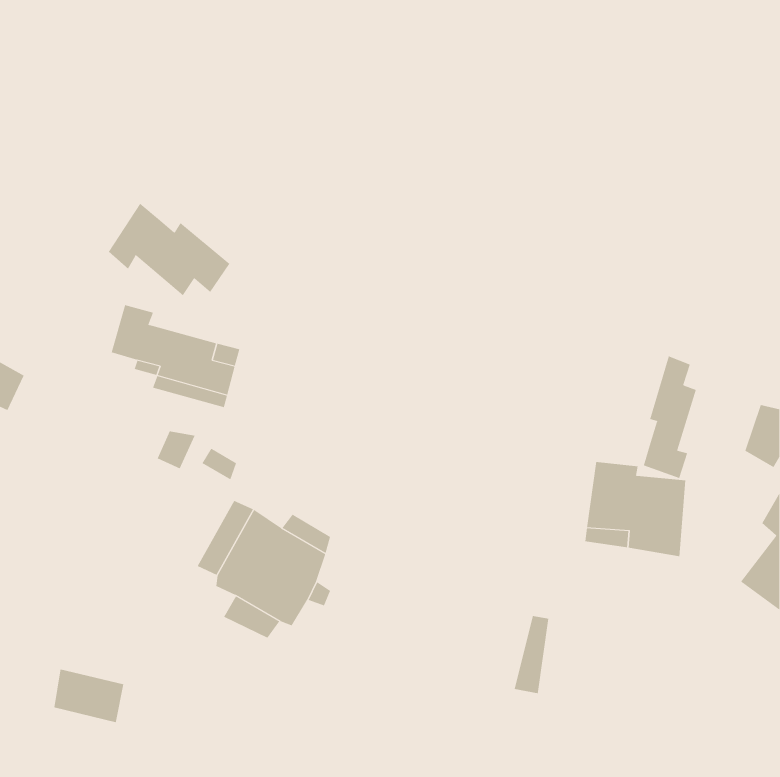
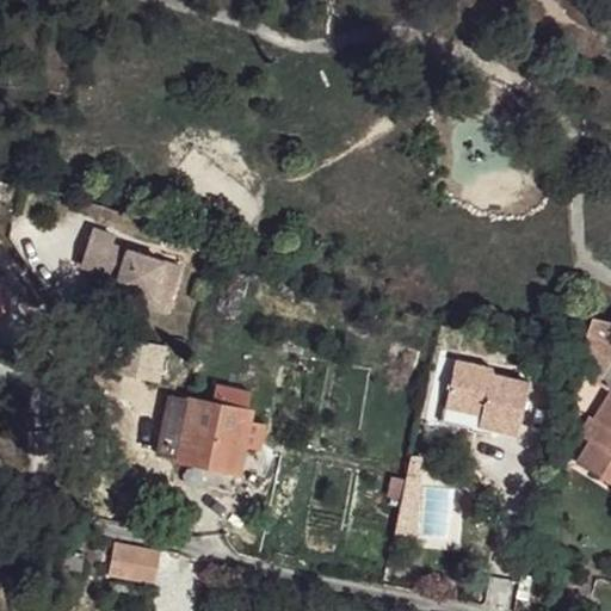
building: [108,203,230,296] -> none
building: [643,356,697,479] -> none
building: [54,669,124,723] -> [99,537,154,579]

